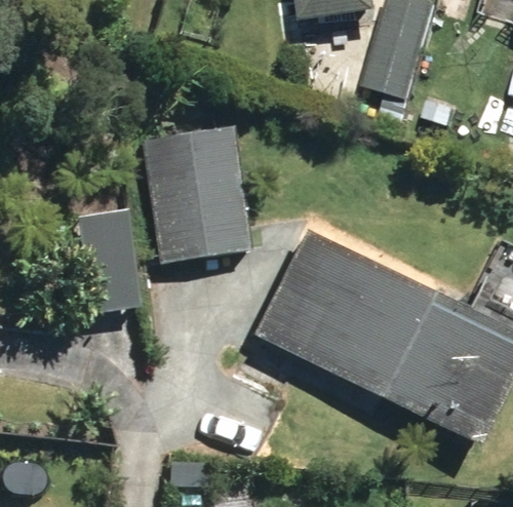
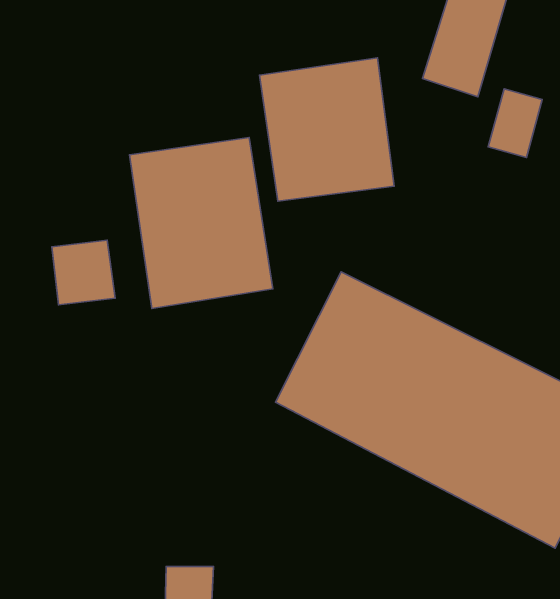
building: none -> [259,58,394,201]

